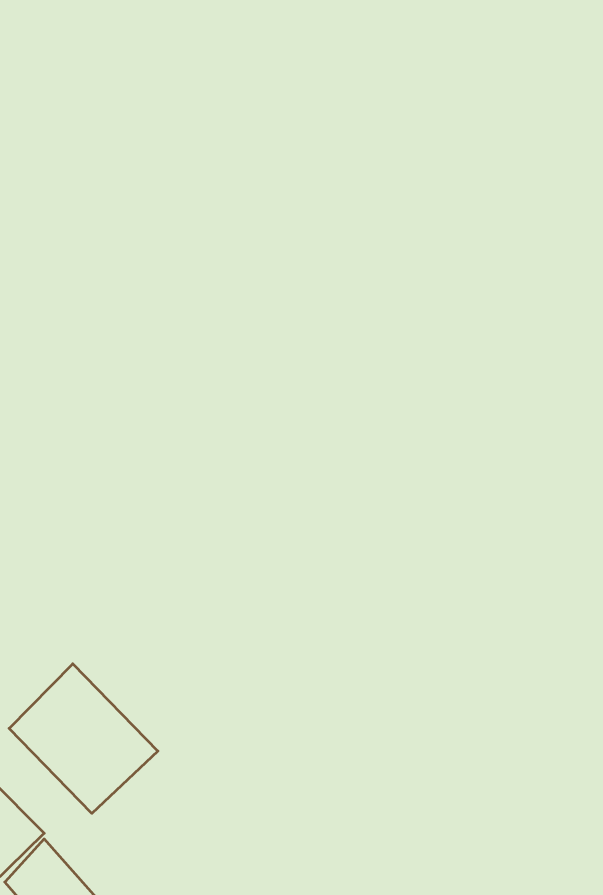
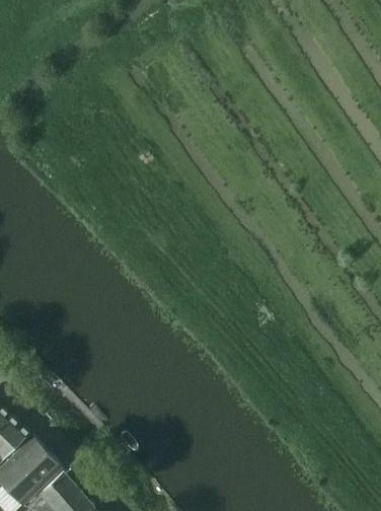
building: [9,664,158,813] -> none

